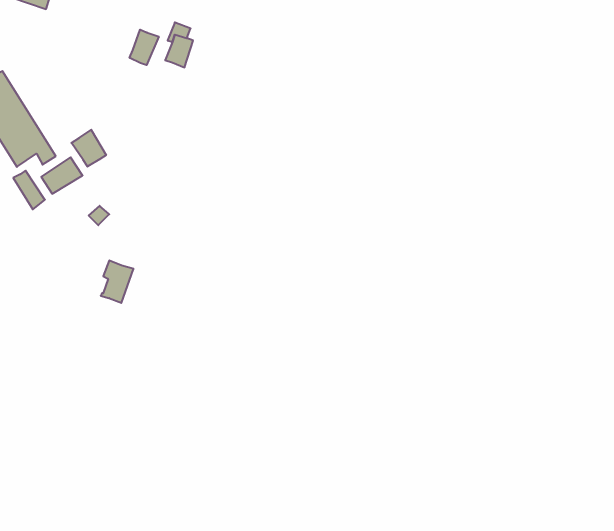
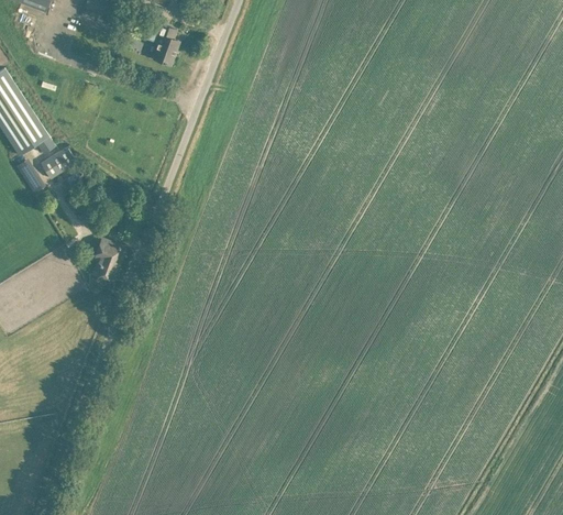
building: [130,30,159,65] -> none
building: [71,130,106,167] -> none

